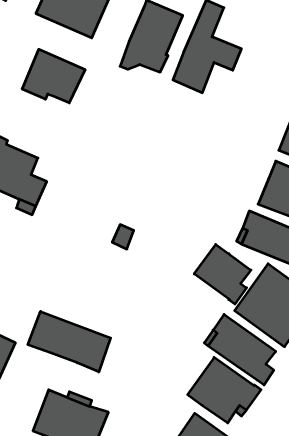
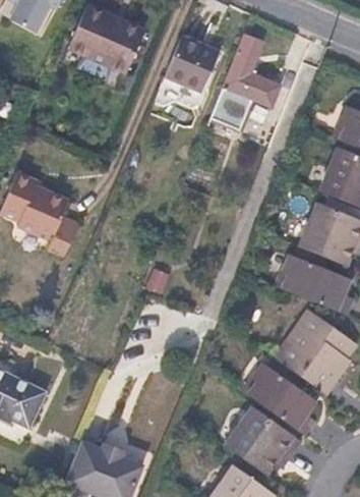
building: [22,49,85,103] -> none
building: [194,244,251,304] -> none
building: [28,311,111,372] -> none

